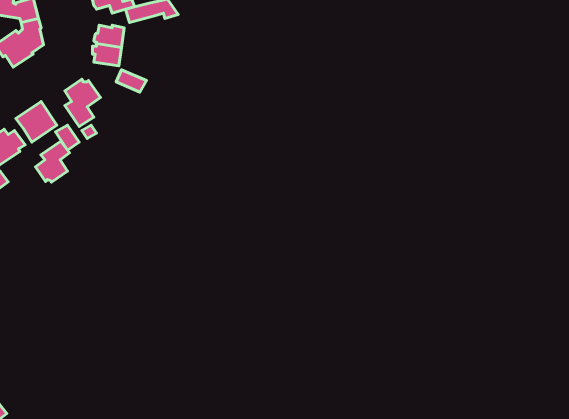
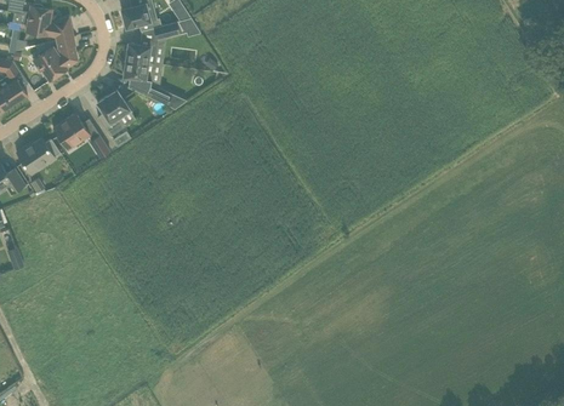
building: [36,141,69,182] -> none

